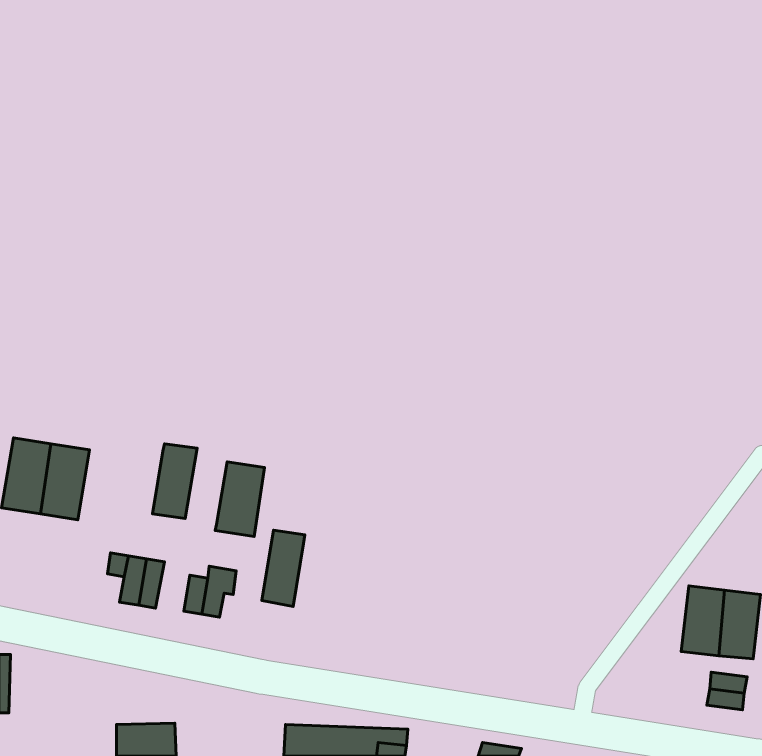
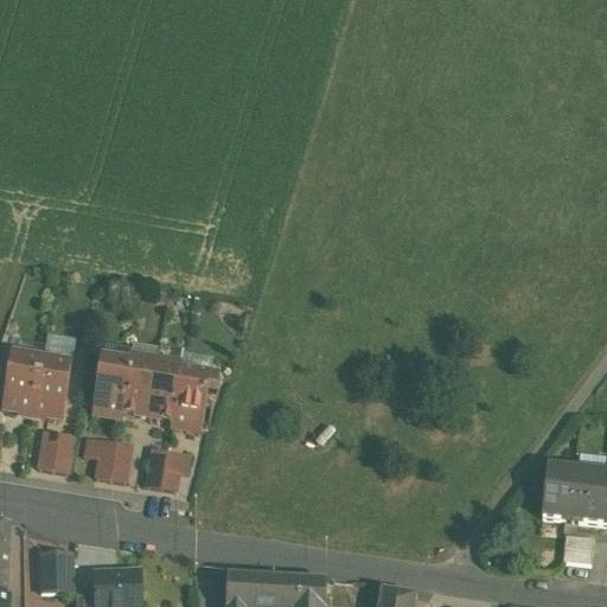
building: none -> [91,352,129,413]
building: [262,530,305,606] -> [147,356,181,416]
building: none -> [39,432,74,472]
building: none -> [39,551,72,592]

